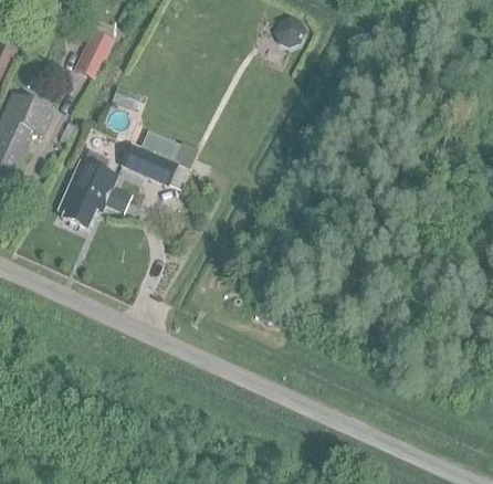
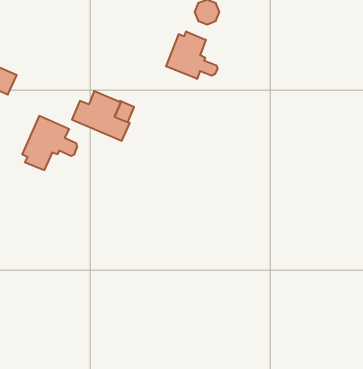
building: [74,30,115,81] -> none
building: none -> [166,31,218,79]

